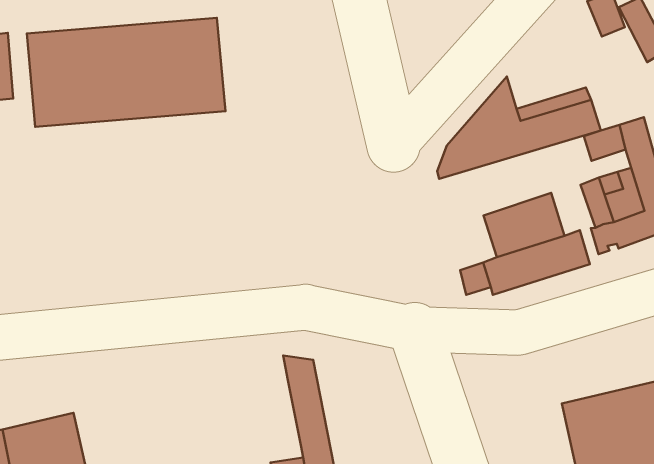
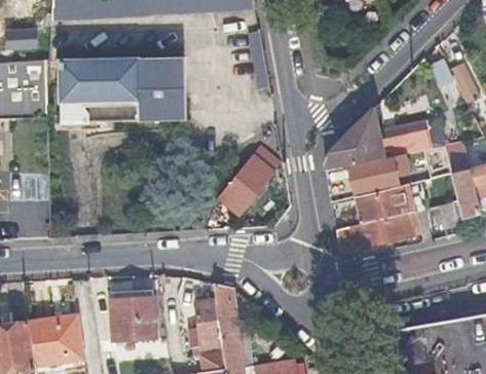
building: none -> [222,142,279,205]
building: none -> [350,159,399,192]
building: none -> [196,299,224,344]
building: none -> [111,297,154,340]

